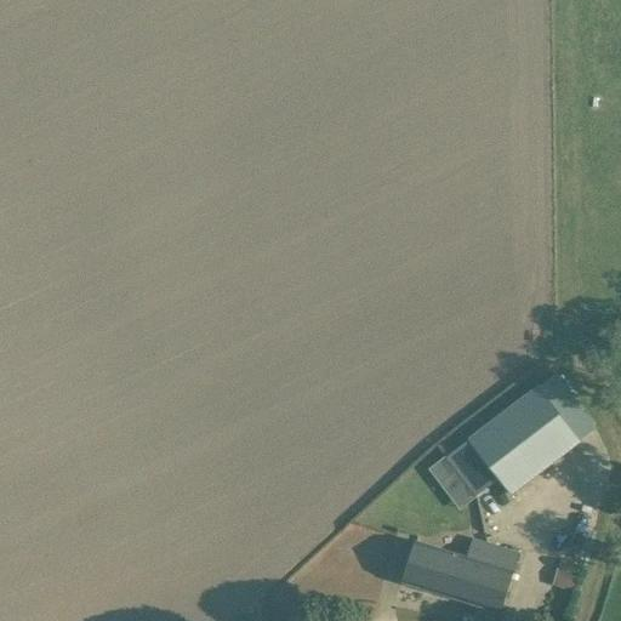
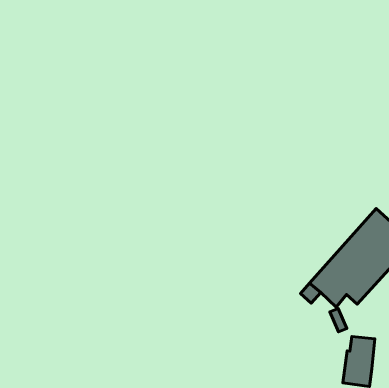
building: [401,536,489,602] -> none

